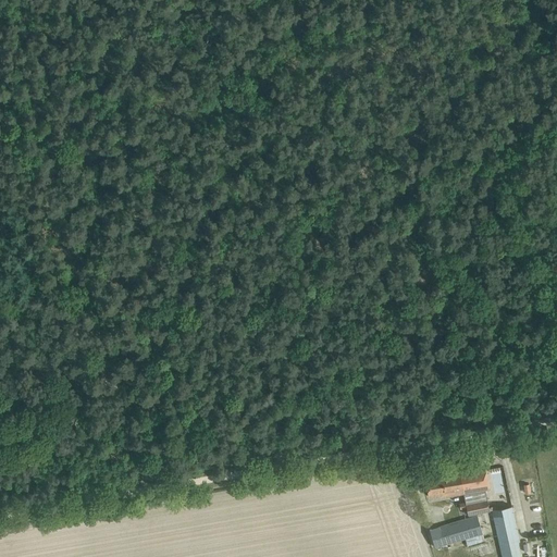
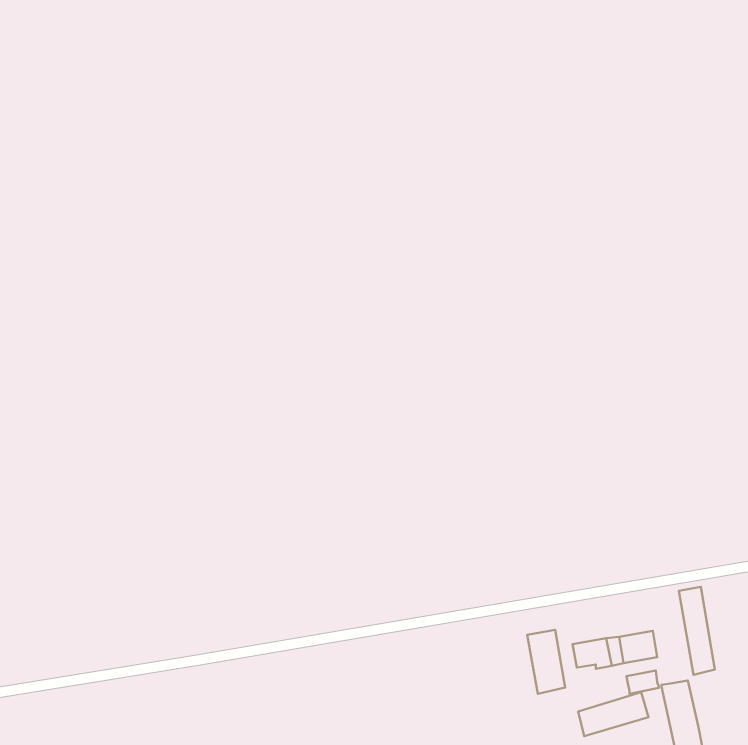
building: none -> [679,587,715,675]
building: none -> [527,630,565,694]

